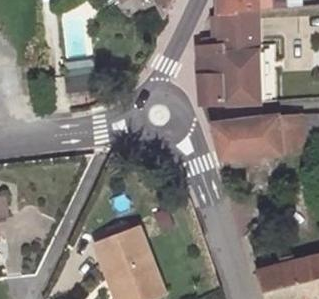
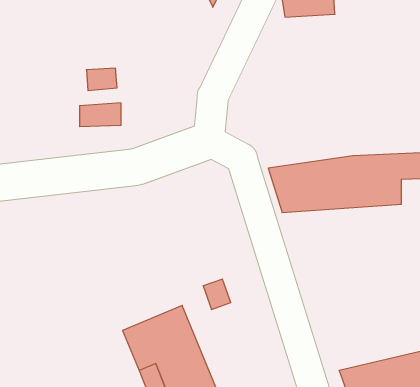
building: [194,14,254,106] -> none

